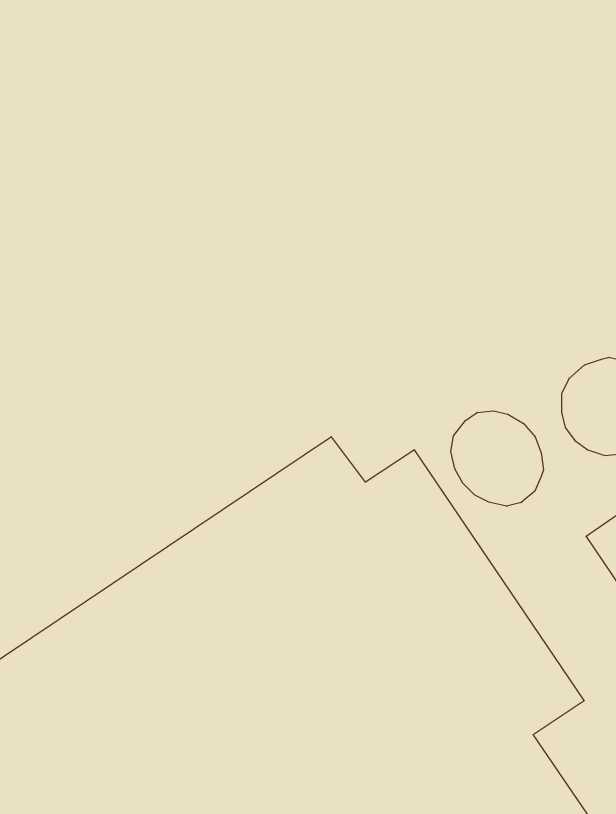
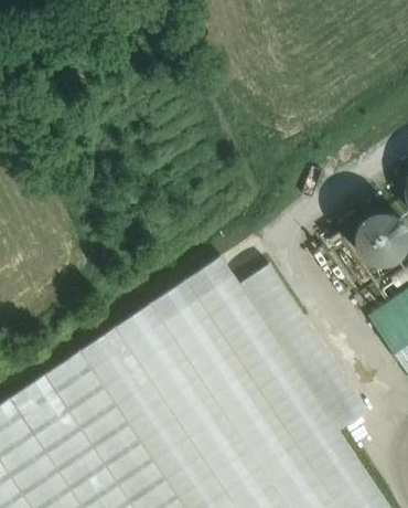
building: [451,411,544,506] -> none

